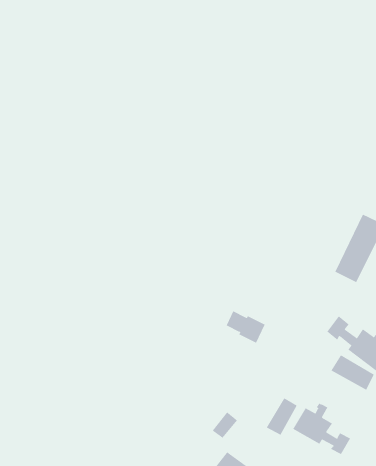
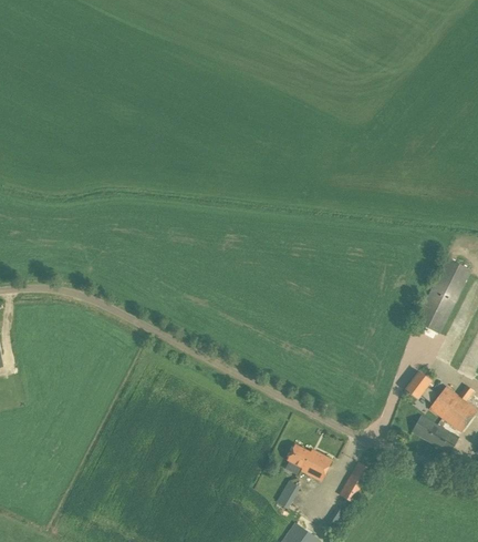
building: [226,310,266,343] -> [287,444,331,481]
building: [292,403,351,455] -> none

